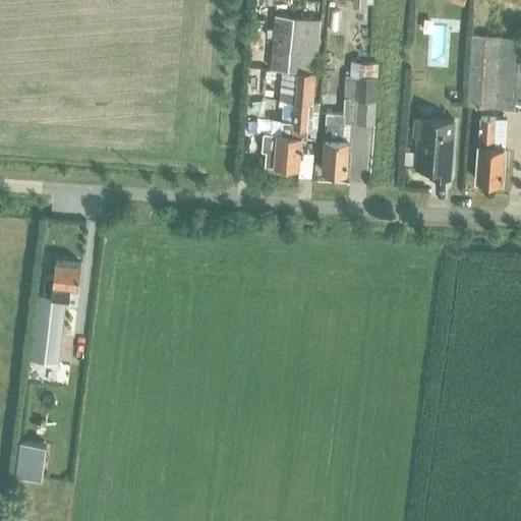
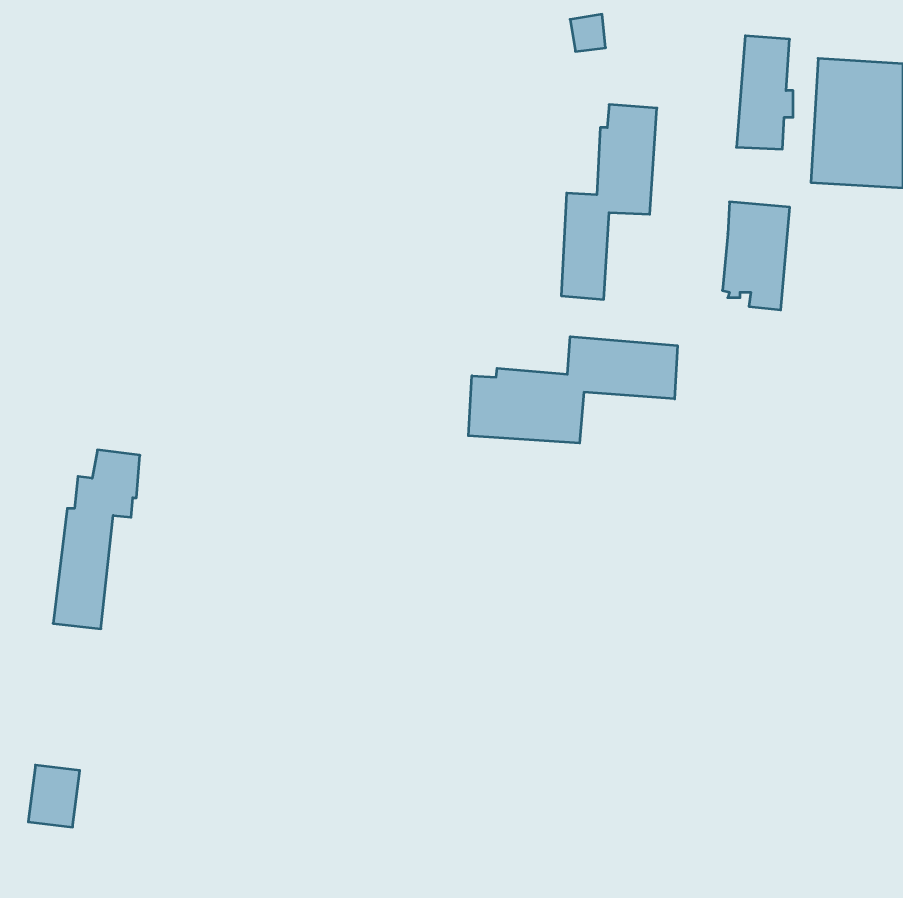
building: [262,18,320,172] -> none
building: [475,120,508,185] -> [736,36,793,149]
building: none -> [468,337,677,443]

